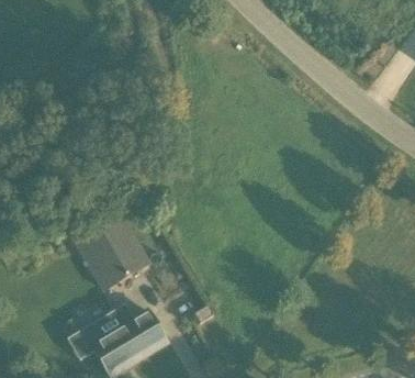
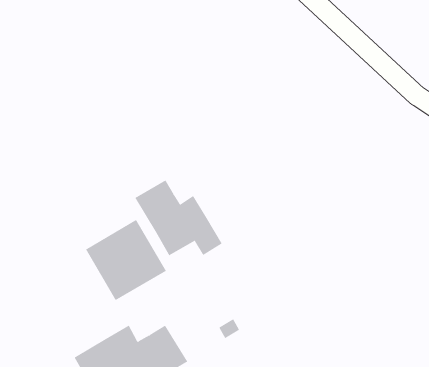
building: none -> [134,180,223,256]

